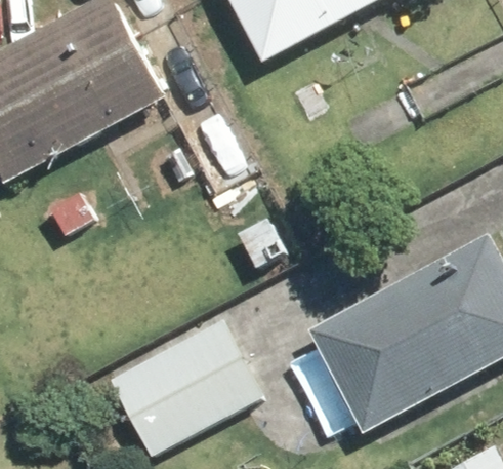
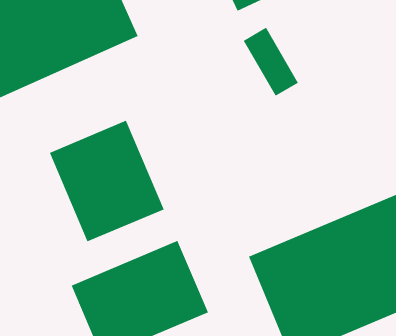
building: none -> [49,120,164,242]

